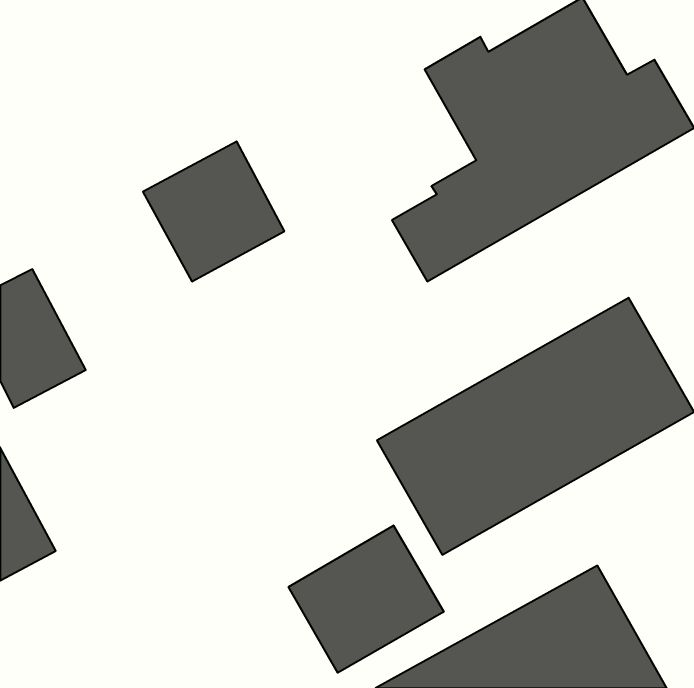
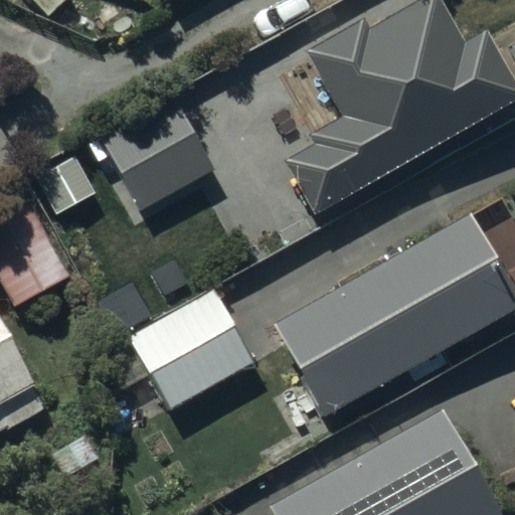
building: none -> [132,292,251,405]
building: [289,525,444,673] -> none

